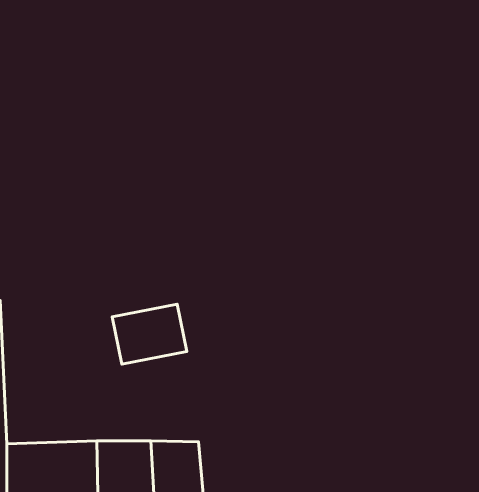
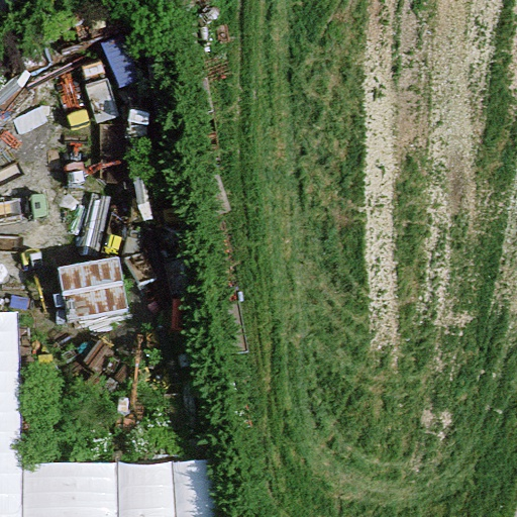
building: [112,304,187,364] -> [45,258,123,321]

